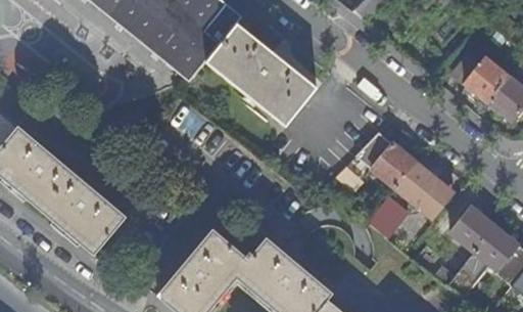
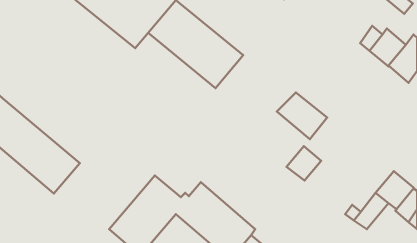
building: [395,162,455,219] -> none
building: [450,207,494,251] -> none

